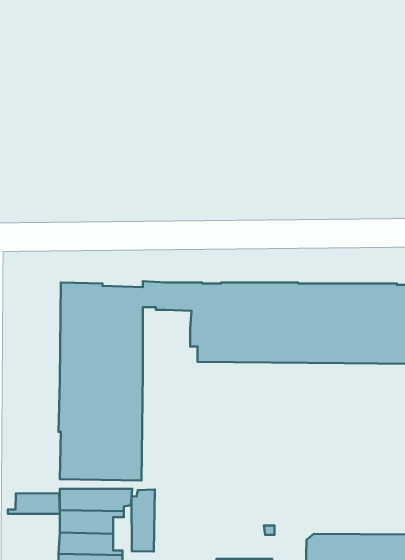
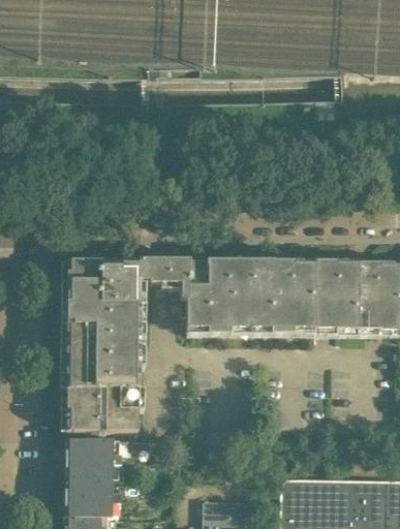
building: [132,490,155,552] -> none
building: [8,493,60,514] -> none

